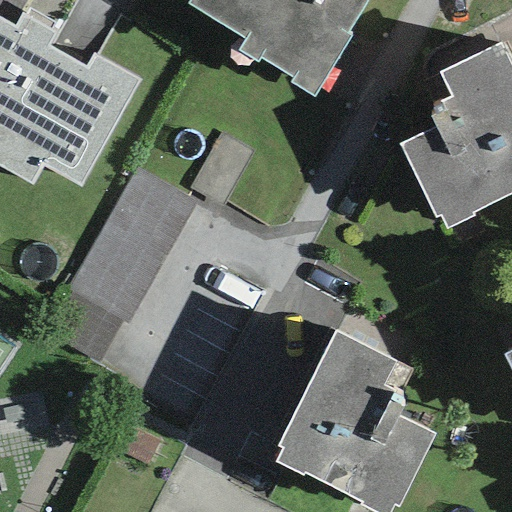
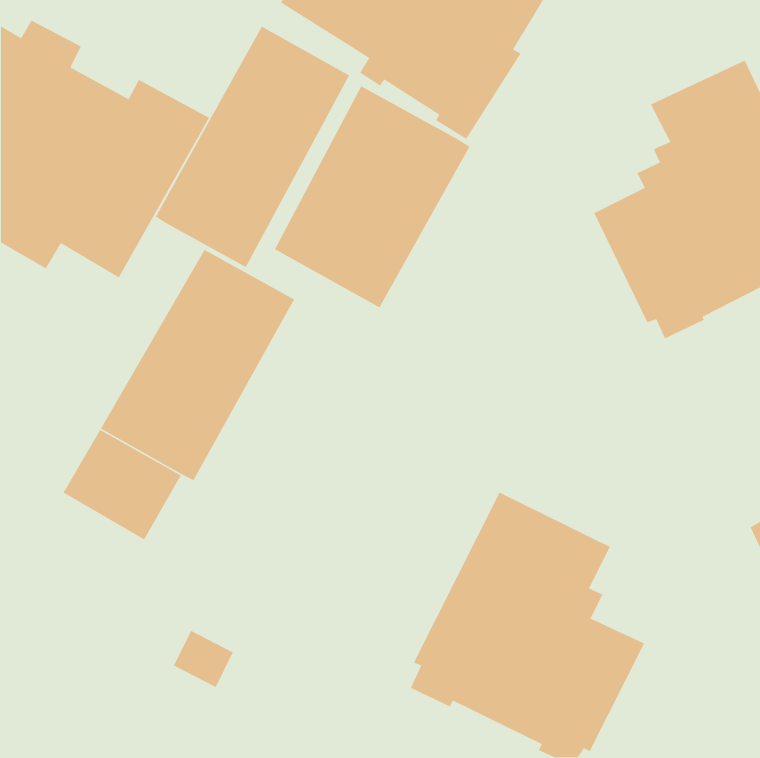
building: none -> [155,26,350,268]
building: none -> [274,85,470,309]

